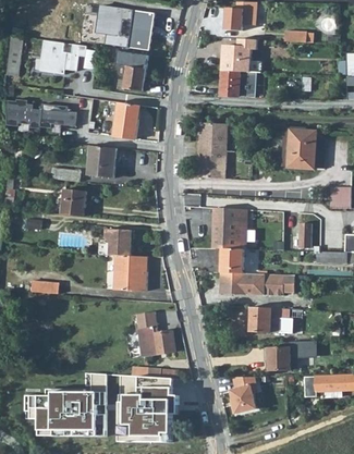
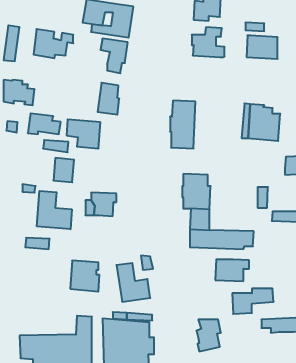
building: [219,71,255,98] -> [247,35,278,59]
building: [38,105,76,128] -> [28,113,61,134]
building: none -> [37,191,72,229]
building: [112,256,146,292] -> [70,261,99,292]

